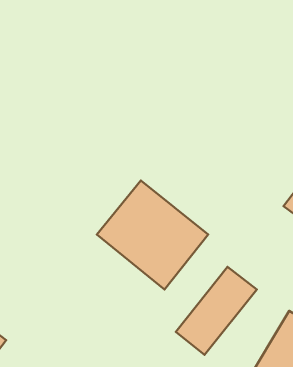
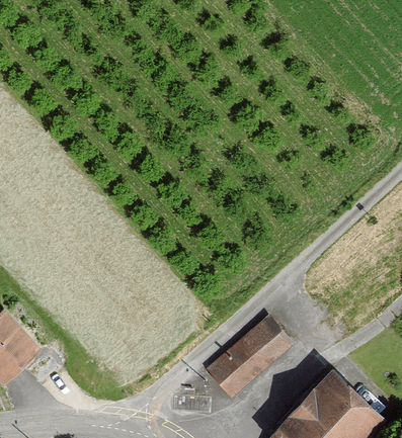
building: [97,180,208,289] -> none

